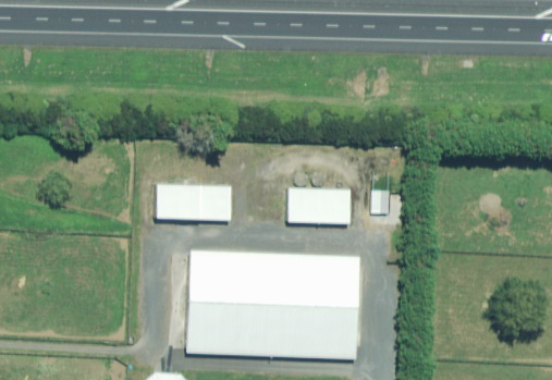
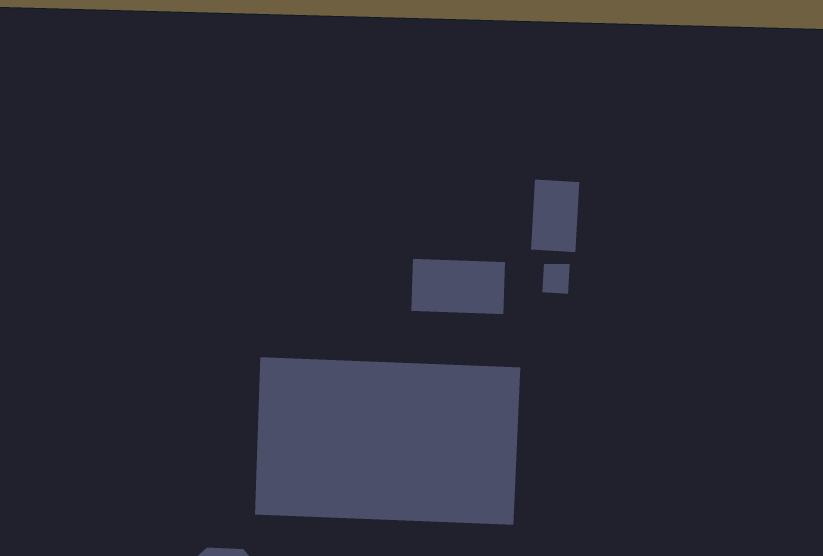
building: none -> [531,179,580,253]
building: [156,185,230,221] -> none

